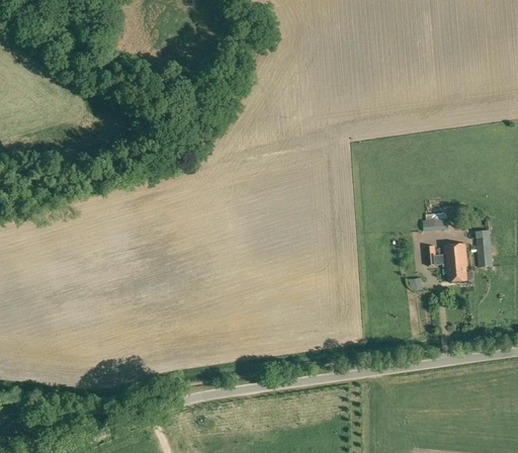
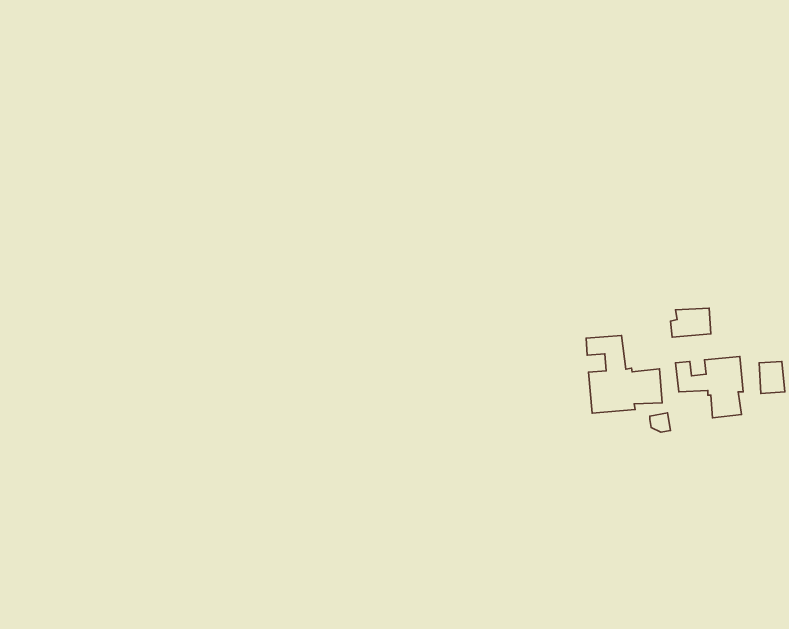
building: none -> [586,336,662,413]

